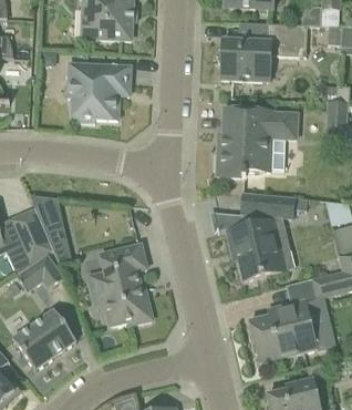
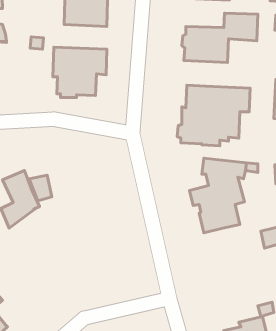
building: [89,243,152,324] -> none
building: [15,252,63,290] -> none
building: [249,297,320,361] -> none
building: [12,306,76,369] -> none

